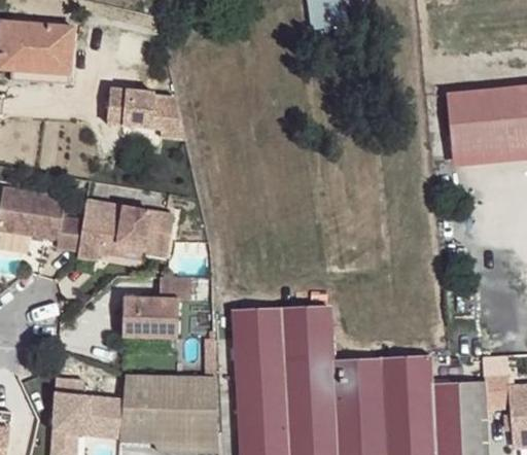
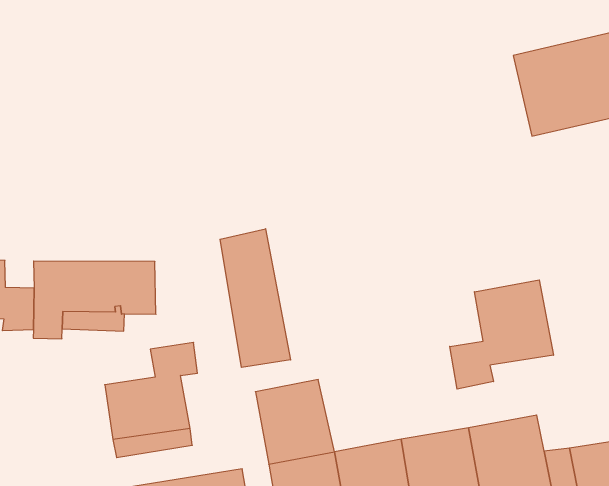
building: [107,90,184,139] -> none
building: none -> [220,229,291,367]
building: none -> [450,280,553,389]
building: [277,308,331,364] -> none

